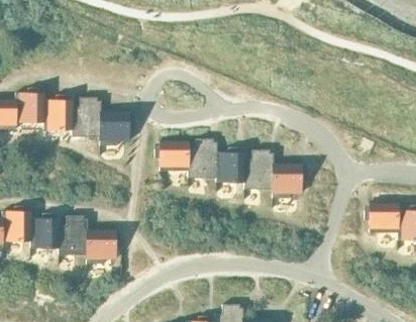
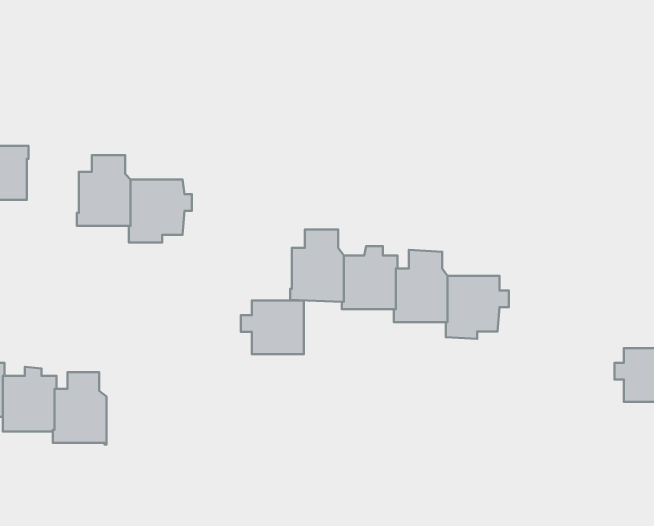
building: [44,100,74,129] -> none
building: [154,141,189,171] -> [241,300,304,354]
building: [87,229,121,263] -> none

